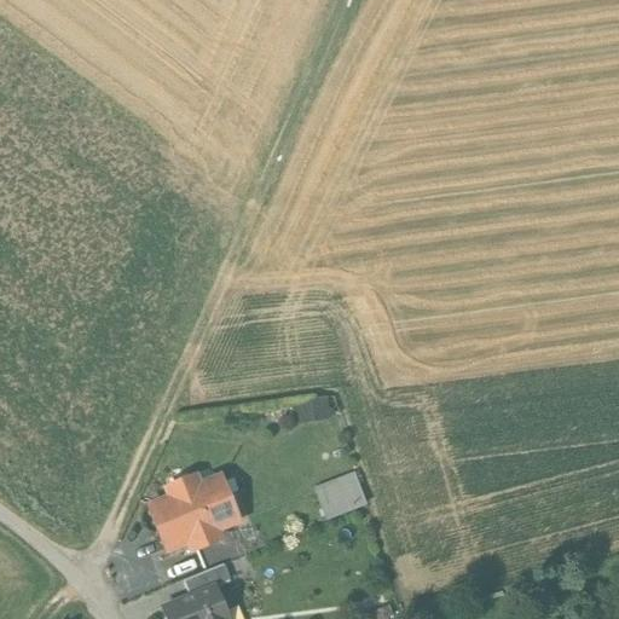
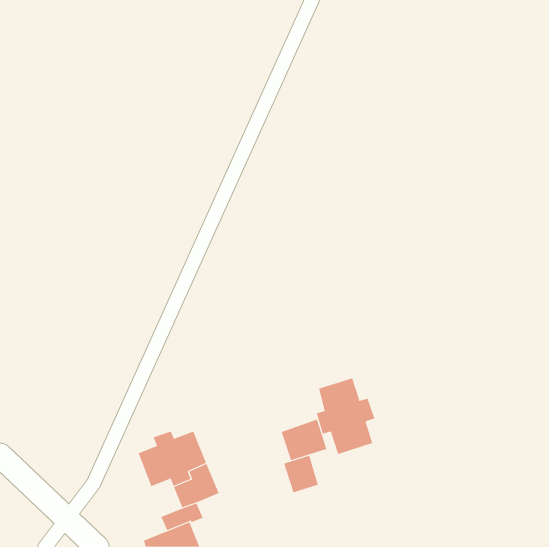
building: none -> [316,377,375,455]
building: none -> [284,455,319,493]

